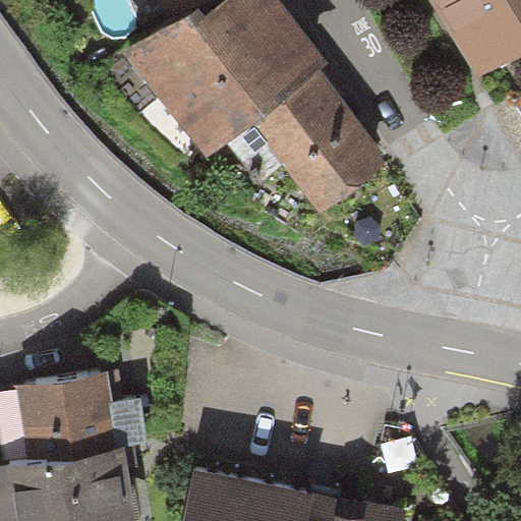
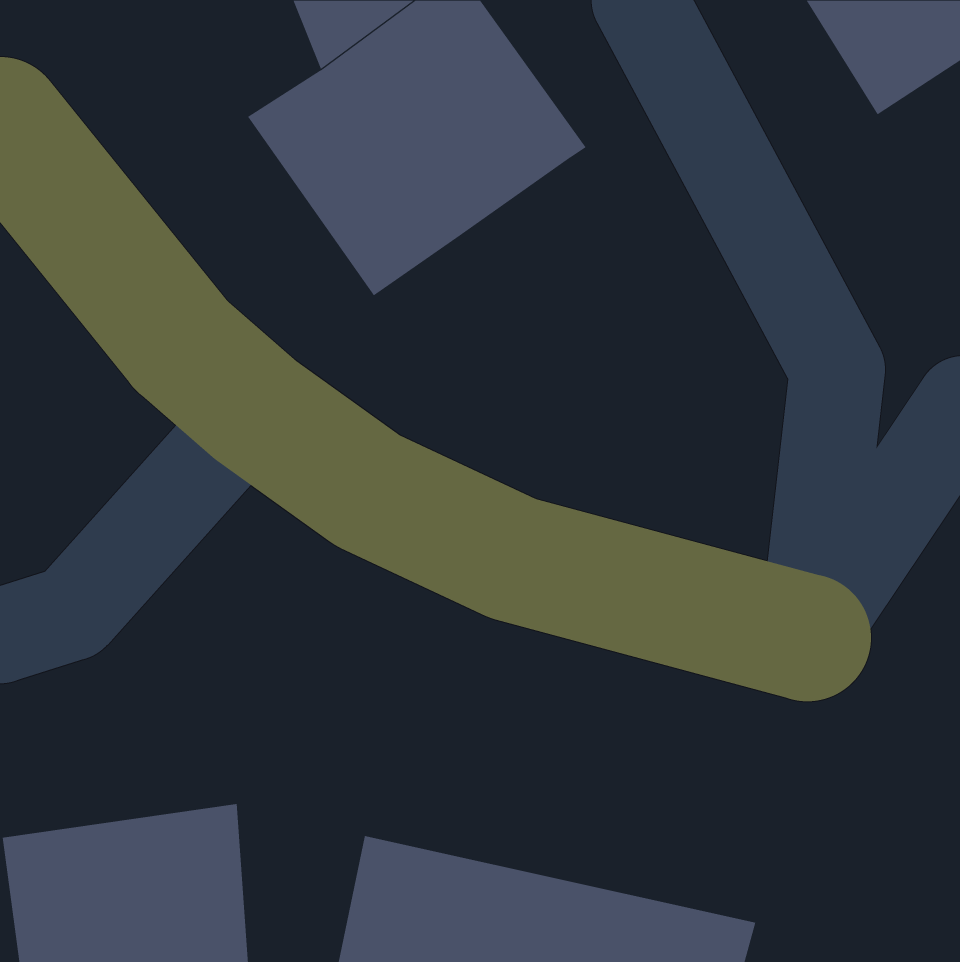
building: [250,86,377,222] -> none
building: [19,365,116,436] -> none

